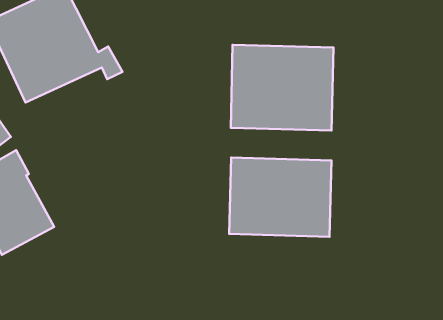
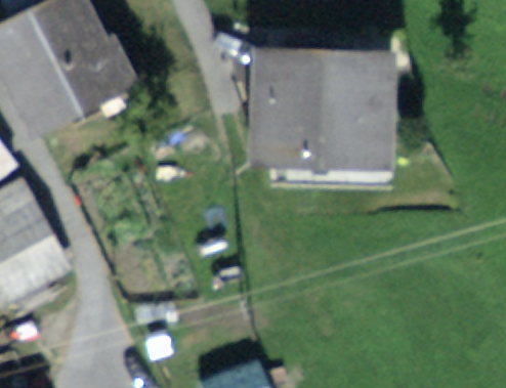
building: [229,158,331,237] -> none

